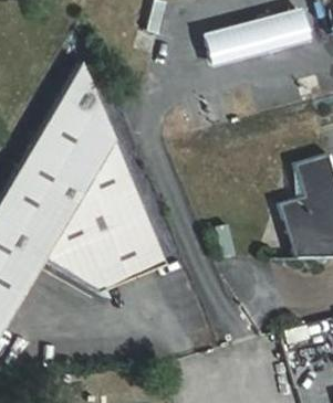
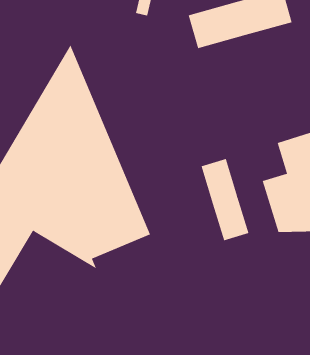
building: none -> [201,158,249,241]

